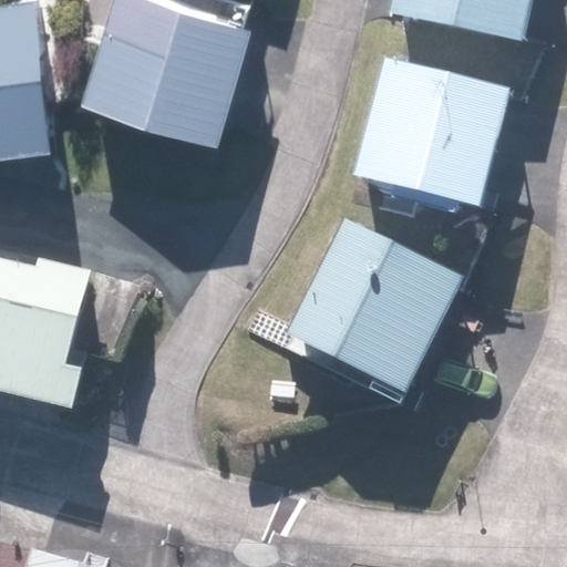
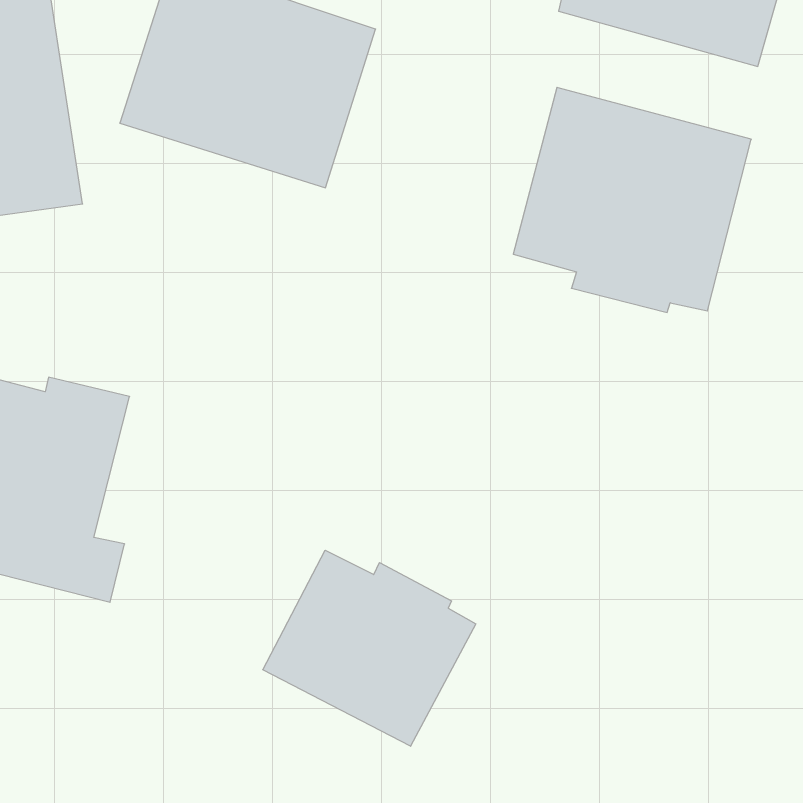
building: [282,216,464,394] -> none
building: none -> [263,550,476,746]

